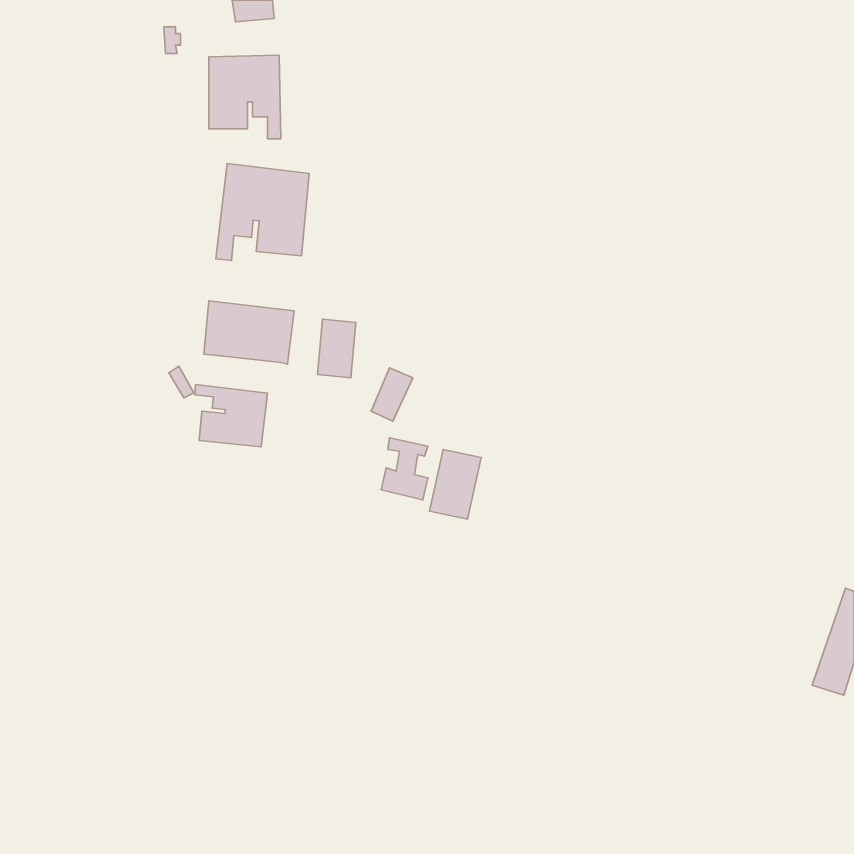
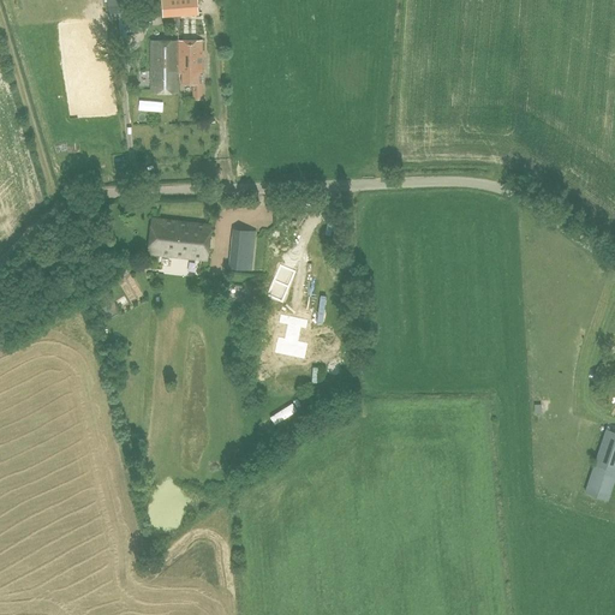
building: [216,164,309,261] -> none
building: [195,385,268,447] -> none
building: [430,449,481,519] -> none

